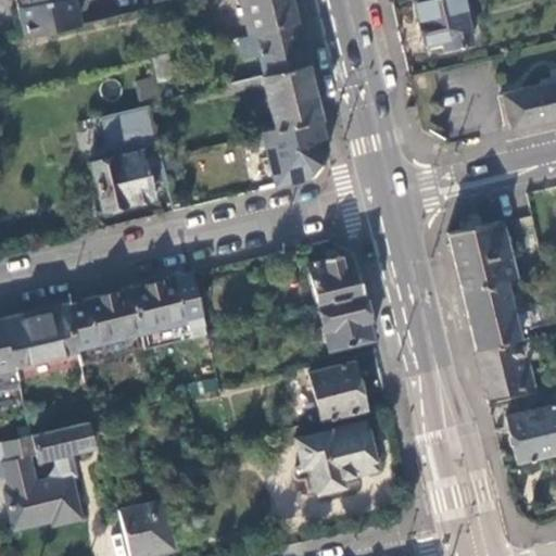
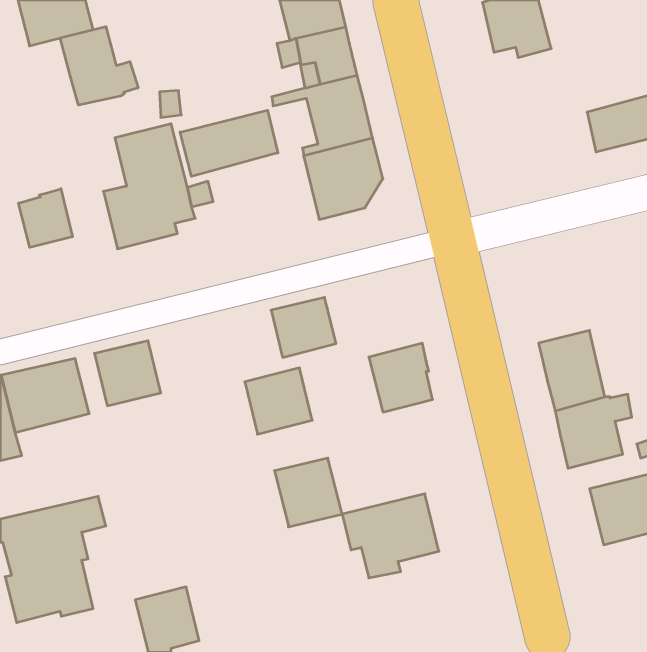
building: none -> [60,27,138,105]
building: none -> [180,110,278,176]
building: none -> [19,189,73,247]
building: [448,219,517,292] -> none
building: [308,253,364,304] -> [271,297,336,357]
building: [130,278,188,334] -> [245,368,312,434]
building: [311,363,368,421] -> [274,458,342,527]

